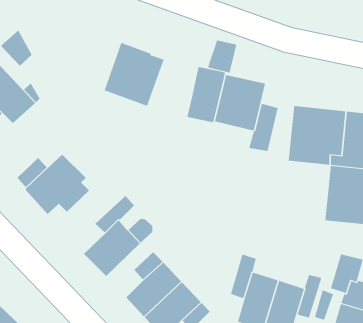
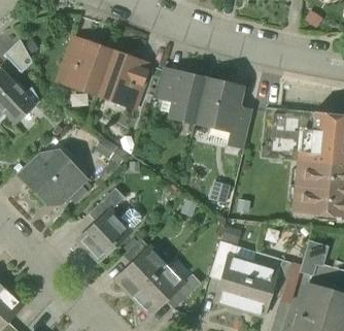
building: none -> [64,38,112,94]
building: [207,40,237,73] -> [154,70,181,100]

